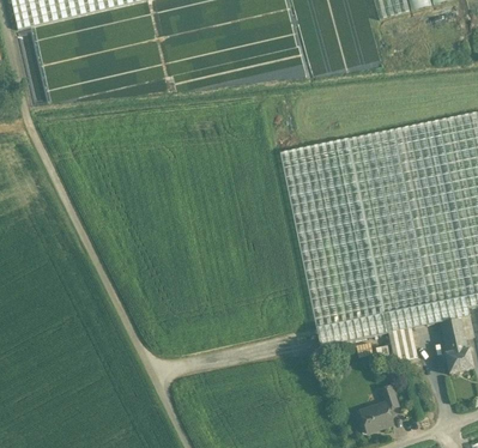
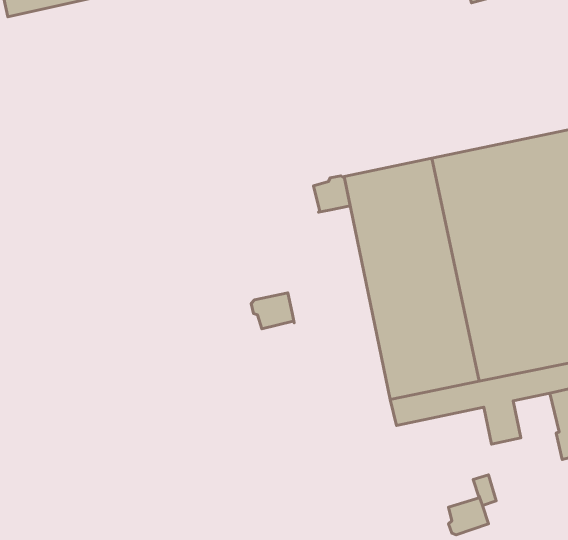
building: none -> [314,176,350,212]
building: none -> [251,293,294,329]

